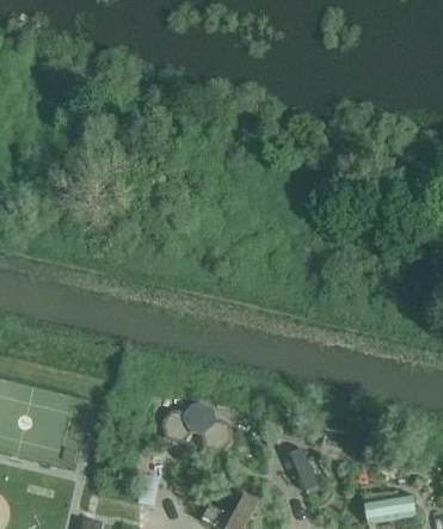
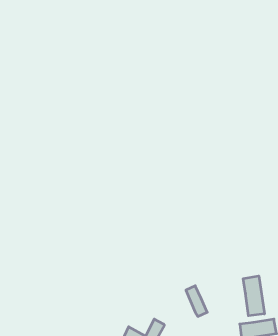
building: [165,406,228,445] -> none
building: none -> [243,276,264,316]

